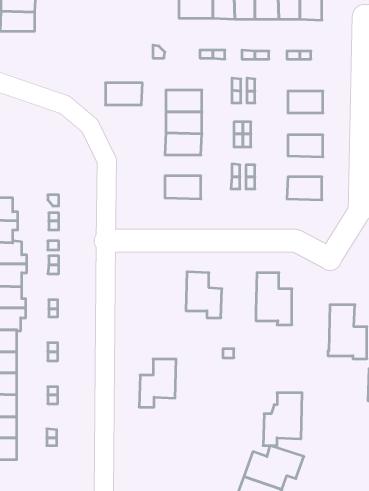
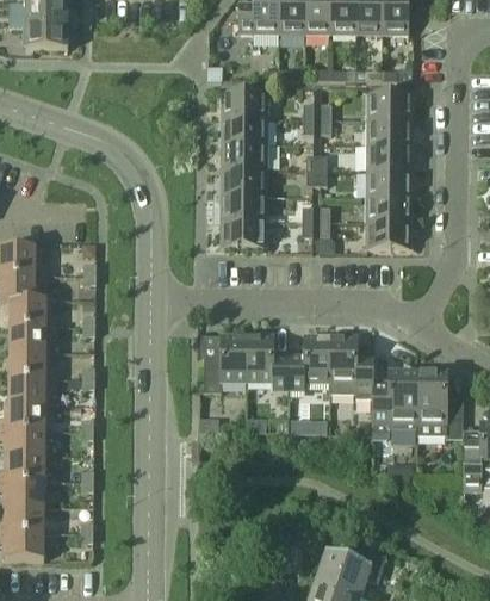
building: none -> [367,92,410,118]
building: [105,83,142,105] -> [222,91,266,117]
building: none -> [367,144,409,171]
building: none -> [221,194,263,219]
building: none -> [367,196,409,221]
building: none -> [287,335,330,389]
building: [139,359,176,407] -> [203,334,247,391]
building: [263,393,302,446] -> [371,373,417,436]

